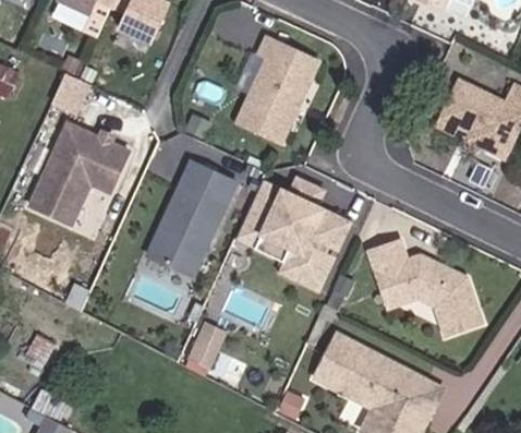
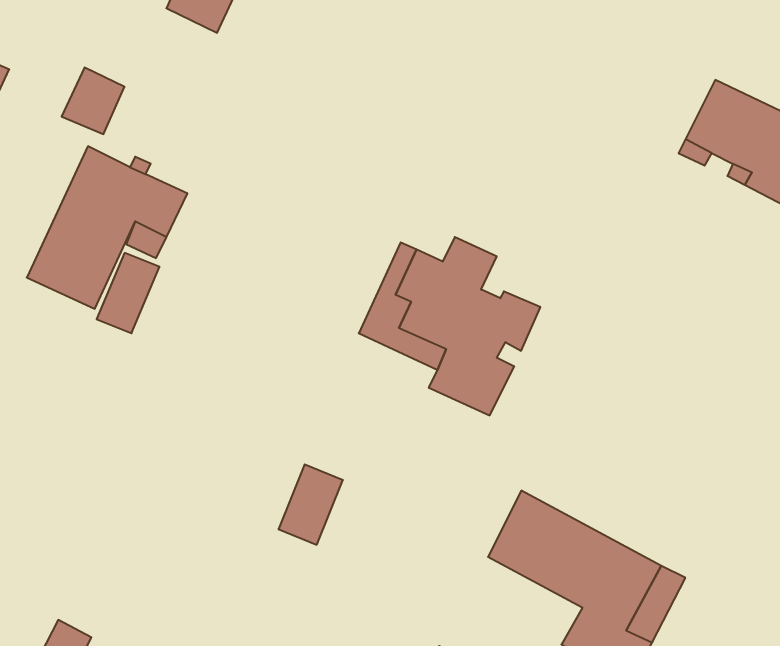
building: [231,43,315,149] -> none
building: [148,163,235,276] -> none
building: [369,242,484,337] -> none

